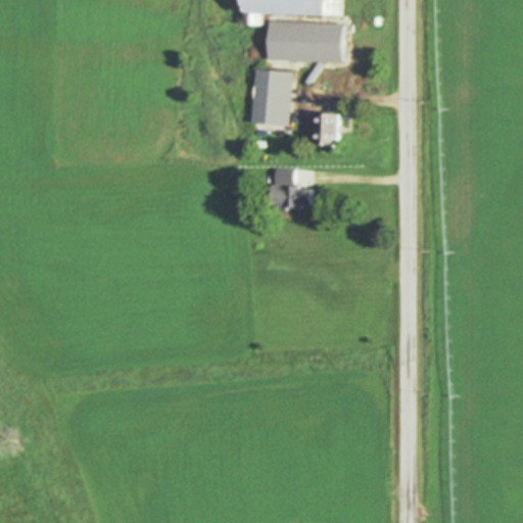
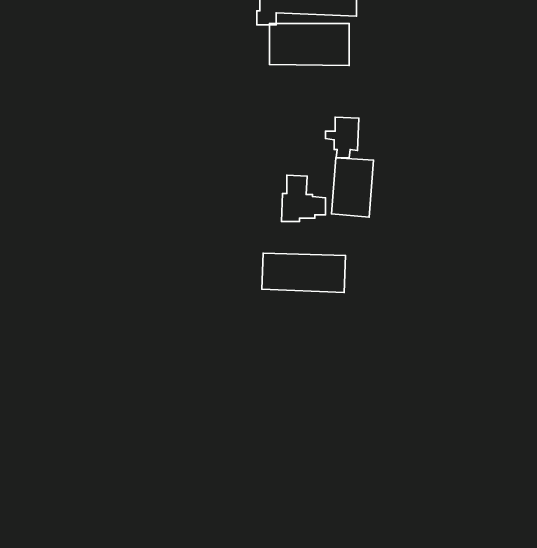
building: [252,68,292,125] -> [332,158,373,217]
building: none -> [262,253,345,292]

